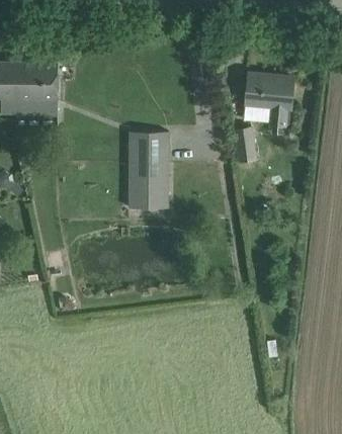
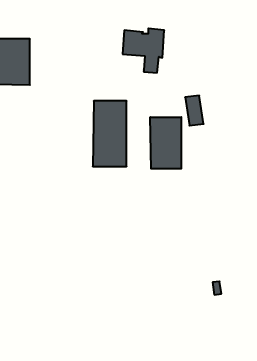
building: [246,75,293,125] -> [123,28,164,73]
building: none -> [150,117,181,169]

